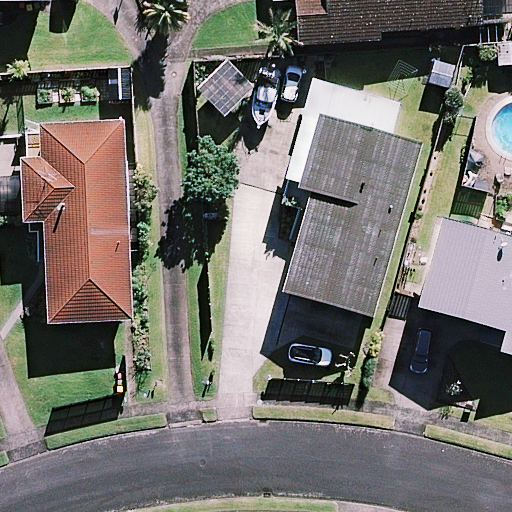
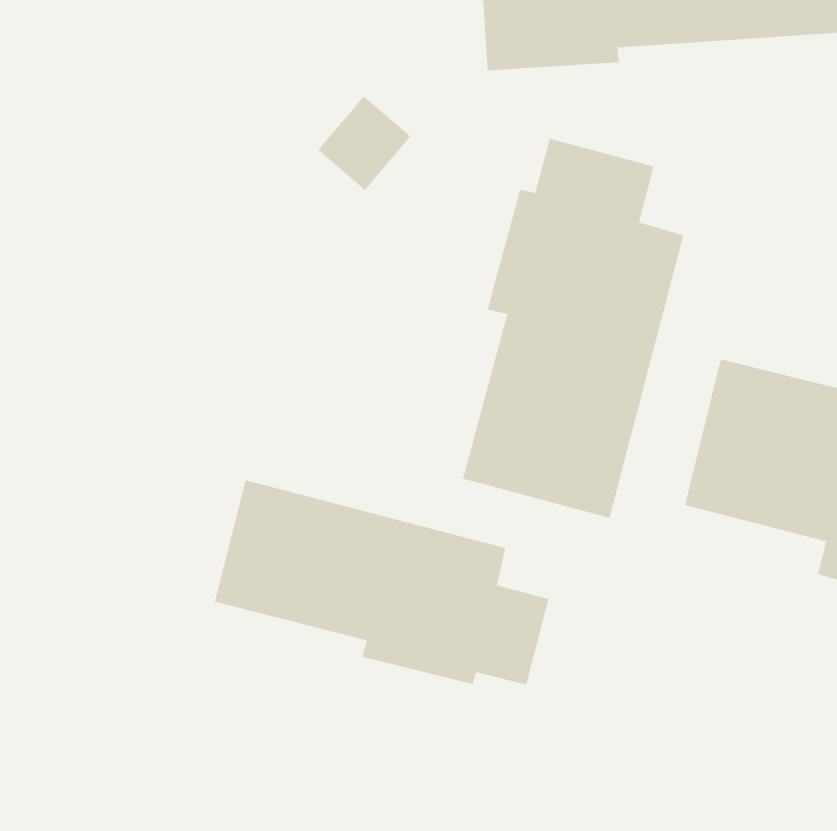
building: [22,122,129,320] -> none
building: none -> [214,479,549,686]

